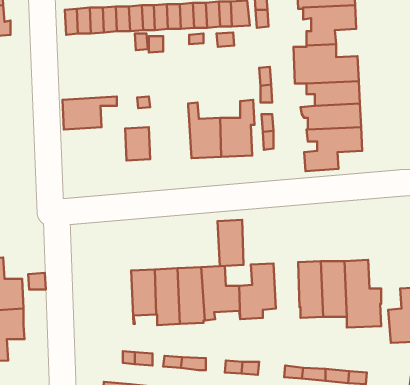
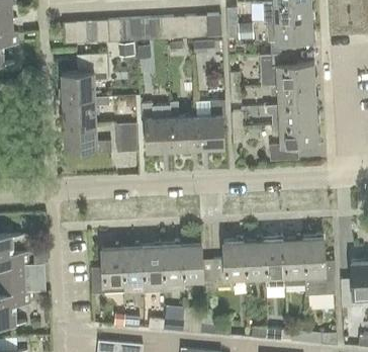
building: none -> [61,54,107,100]
building: none -> [141,103,172,151]
building: none -> [63,123,111,153]
building: [217,220,243,266] -> [242,239,264,278]
building: none -> [90,246,122,292]

